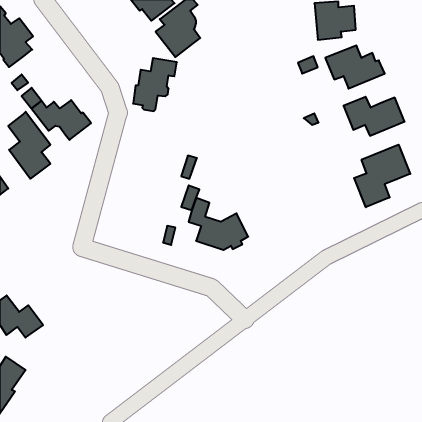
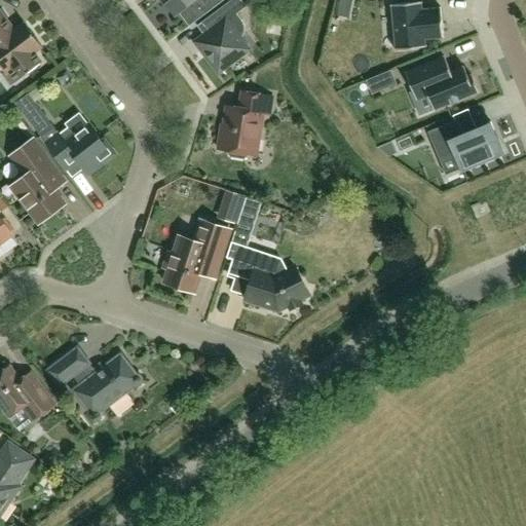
building: [133,58,177,111] -> [217,91,271,157]
building: [354,145,410,207] -> none
building: none -> [162,220,229,292]
building: none -> [47,347,140,416]

